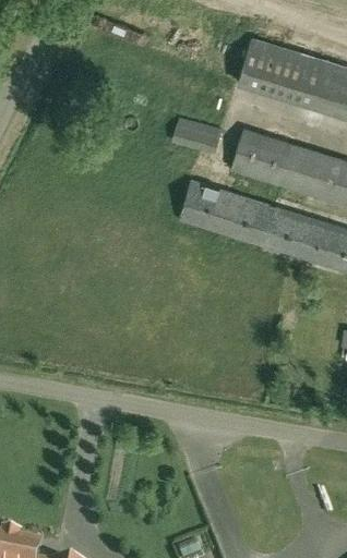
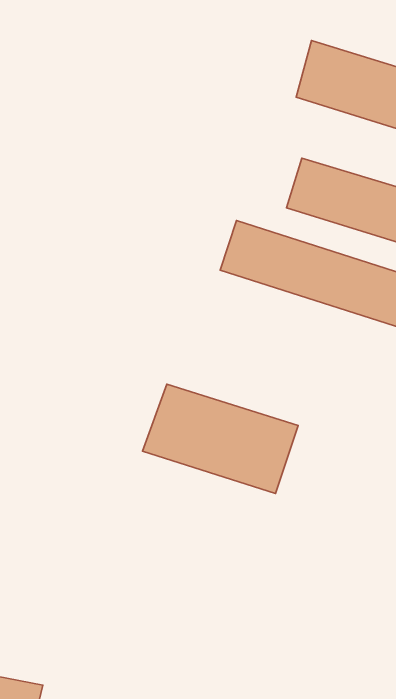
building: [171,119,220,153] -> none
building: none -> [143,384,298,494]

